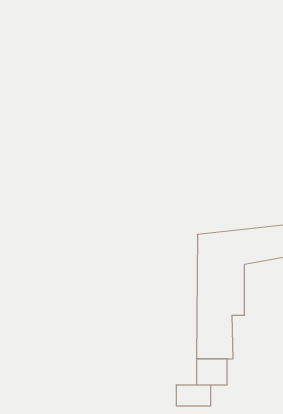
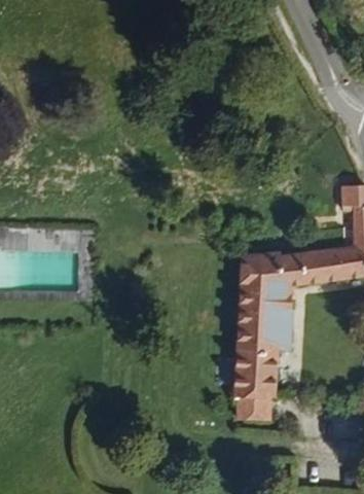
building: [176,385,210,406] -> none

